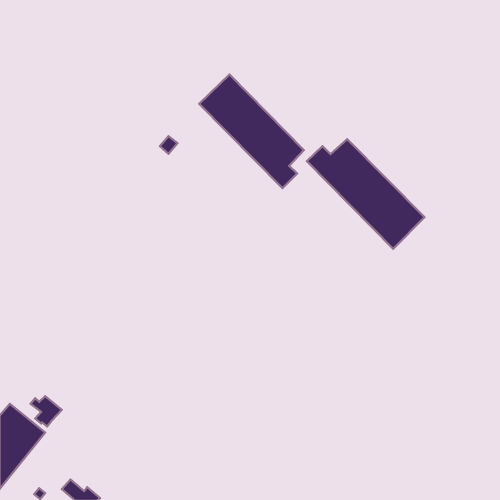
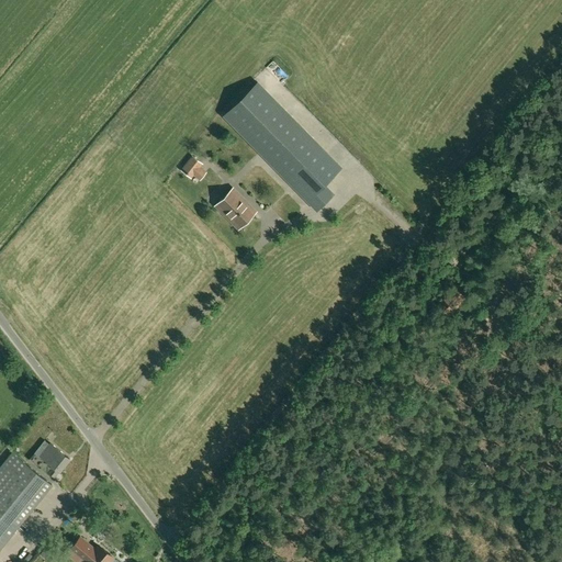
building: [307,139,425,249] -> none
building: none -> [214,190,254,229]

